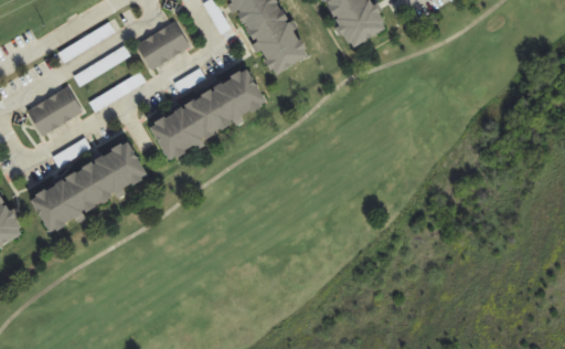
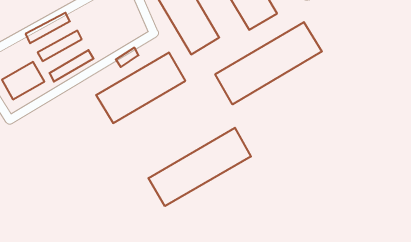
building: [137,19,190,67] -> none
building: none -> [215,22,322,104]
building: [32,144,148,235] -> none
building: none -> [148,128,251,206]

